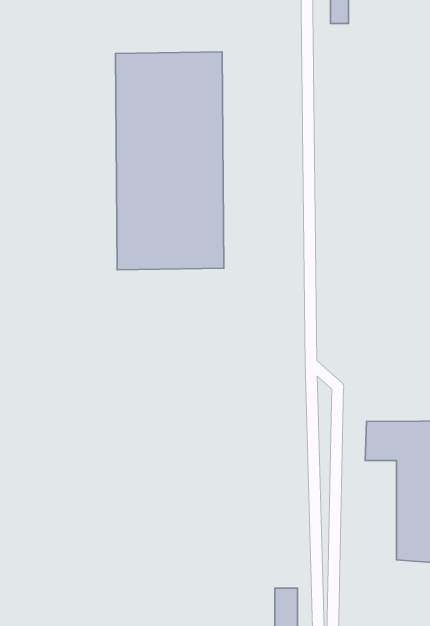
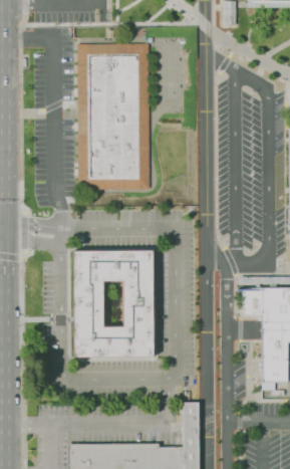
building: none -> [73,249,154,356]

